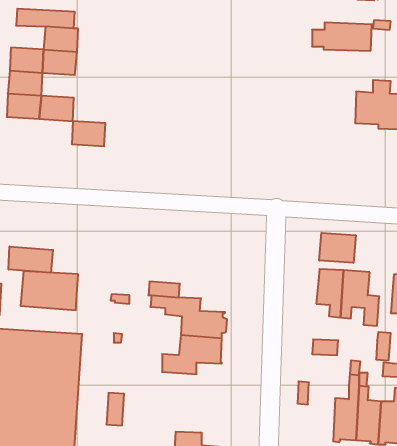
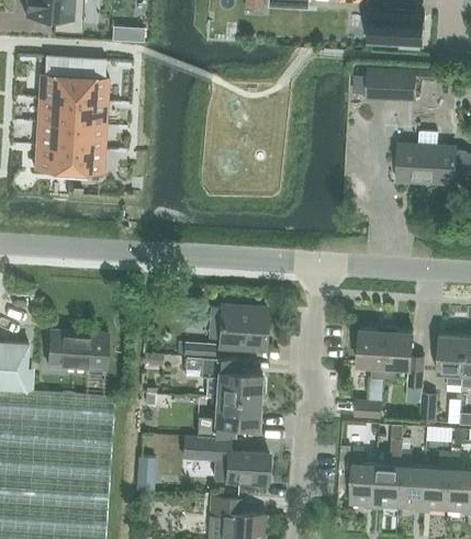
building: none -> [38,74,75,100]
building: [72,121,105,146] -> [70,124,105,150]
building: [319,233,356,263] -> none
building: [9,246,53,273] -> none
building: none -> [220,306,267,351]
building: none -> [183,439,268,485]
building: none -> [350,448,378,509]

